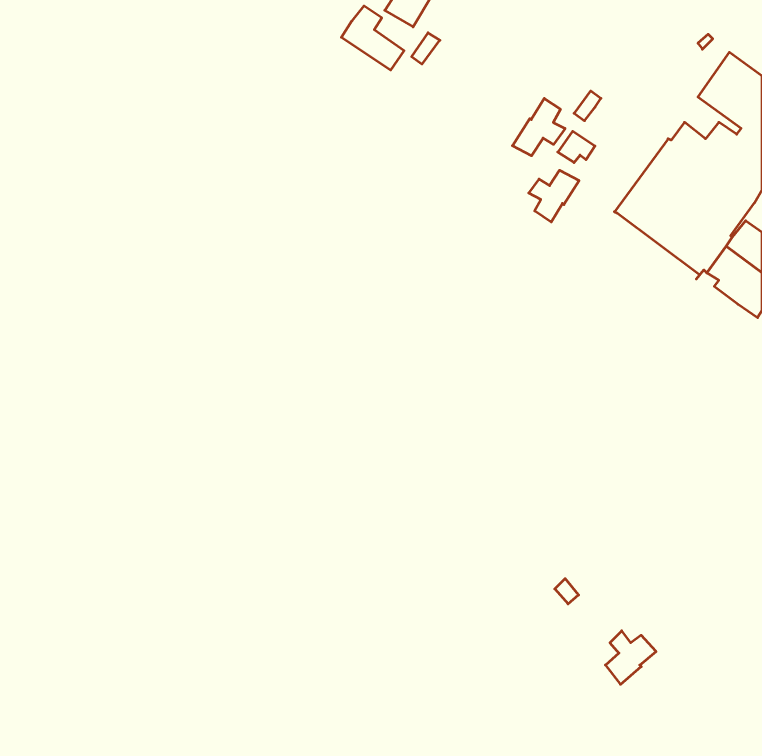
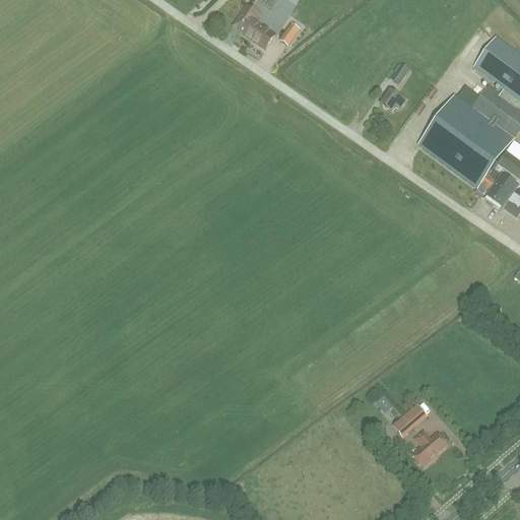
building: [512,98,565,156] -> none
building: [529,170,579,222] -> none
building: none -> [393,403,427,435]

